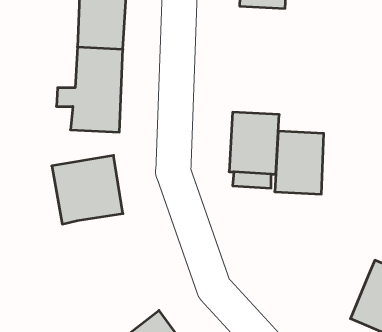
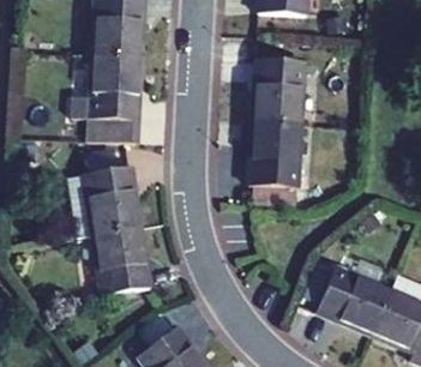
building: [275,131,324,194] -> [254,59,305,124]
building: none -> [95,225,151,294]
building: none -> [318,266,393,333]

